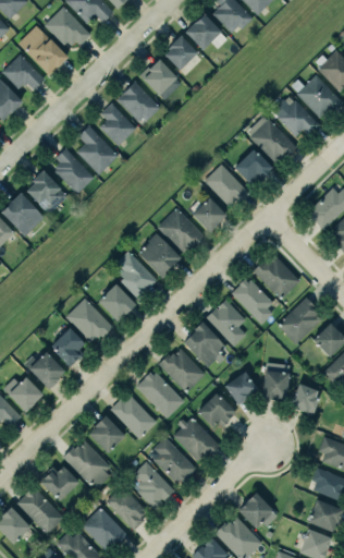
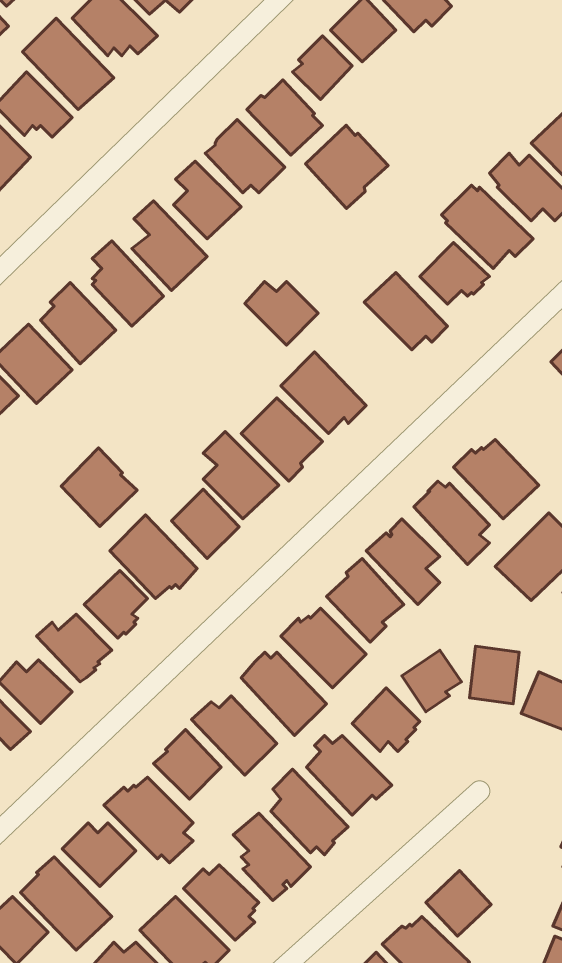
building: none -> [305,125,388,208]
building: [187,197,228,232] -> [245,282,318,345]
building: none -> [61,448,137,526]

